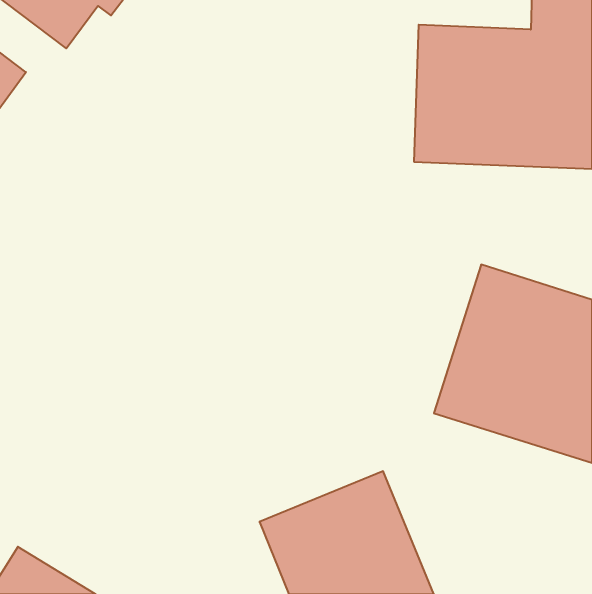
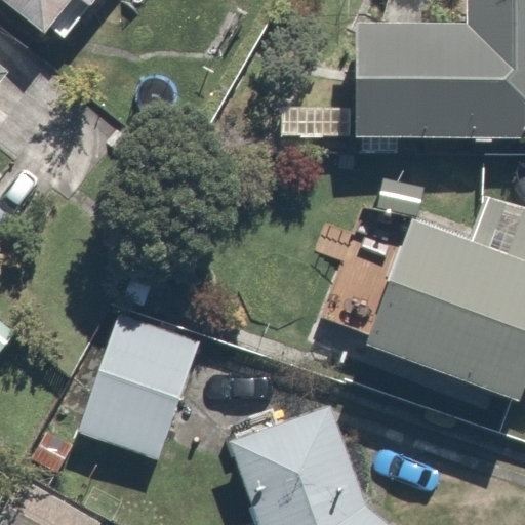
building: none -> [79,312,197,455]

